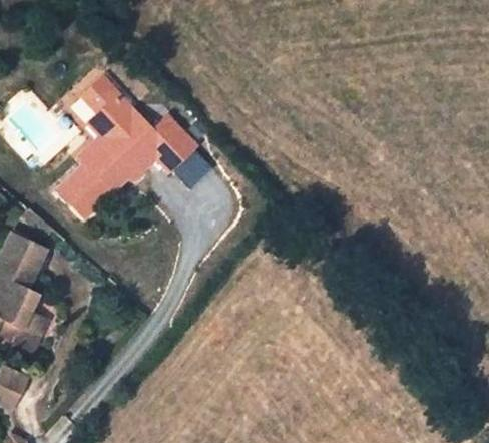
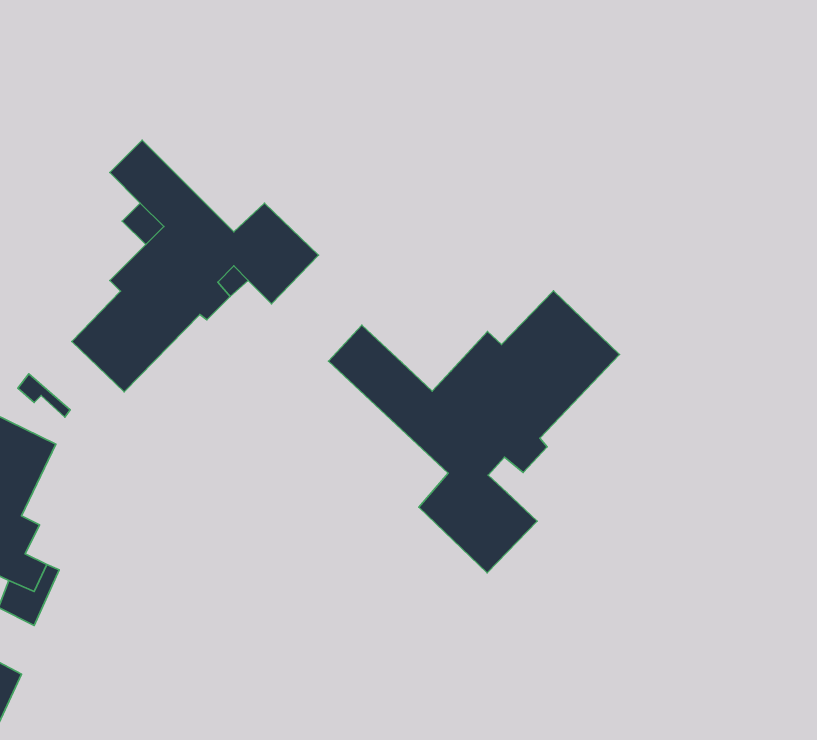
building: none -> [329,291,619,573]

